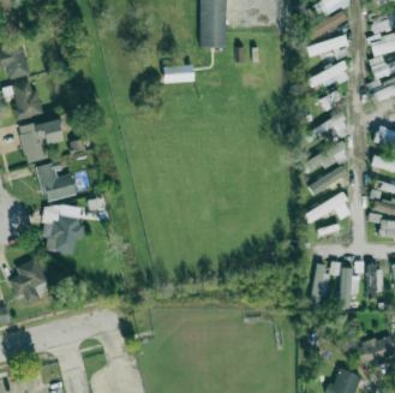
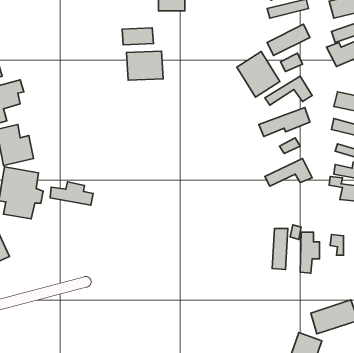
building: none -> [126,51,163,80]
building: none -> [237,51,280,97]
building: none -> [50,182,93,205]

